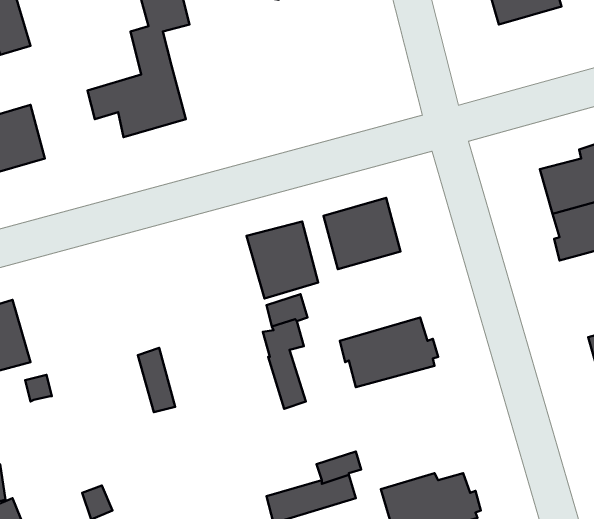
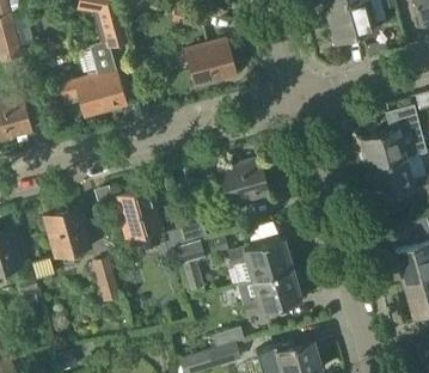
building: none -> [184,39,235,86]
building: [247,222,318,298] -> [114,188,161,239]
building: none -> [43,207,91,258]
building: none -> [239,270,300,317]

